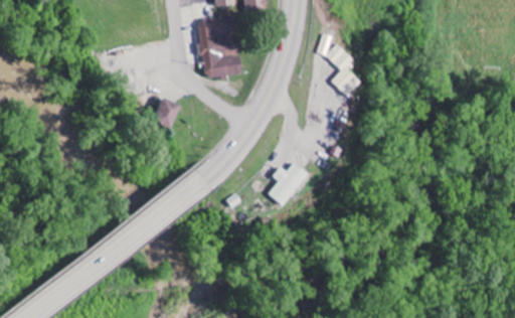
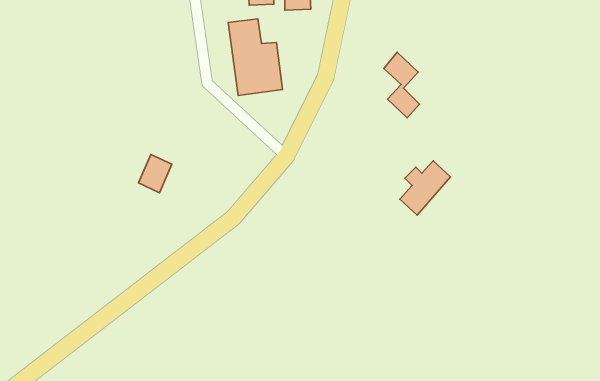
building: [154,99,181,130] -> [138,154,172,193]
building: [267,163,308,207] -> [400,161,450,215]

